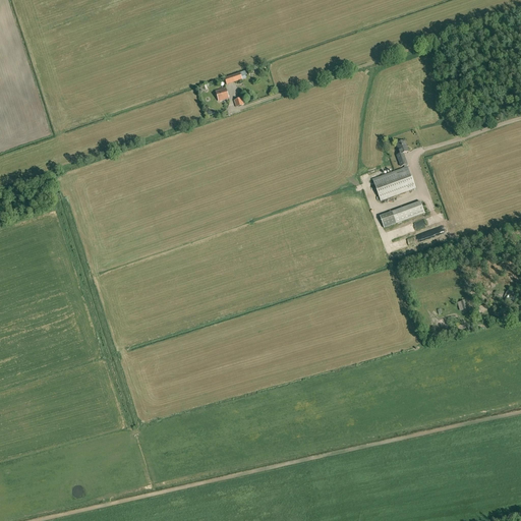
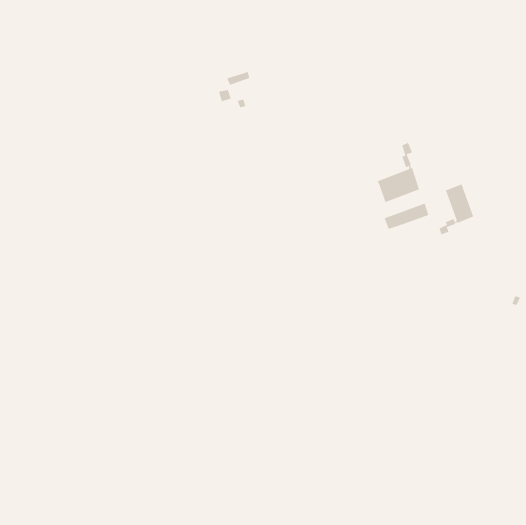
building: none -> [439,184,474,235]

